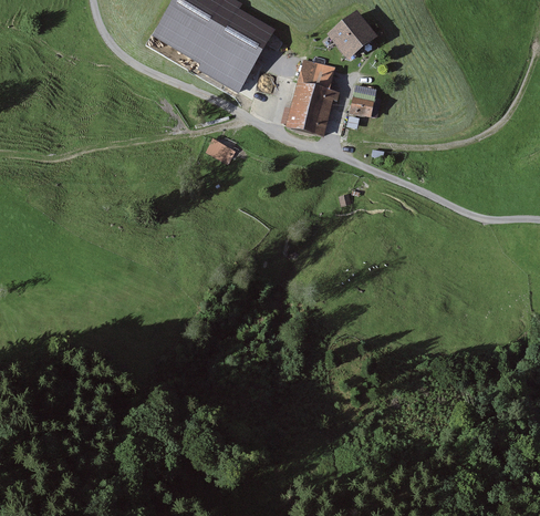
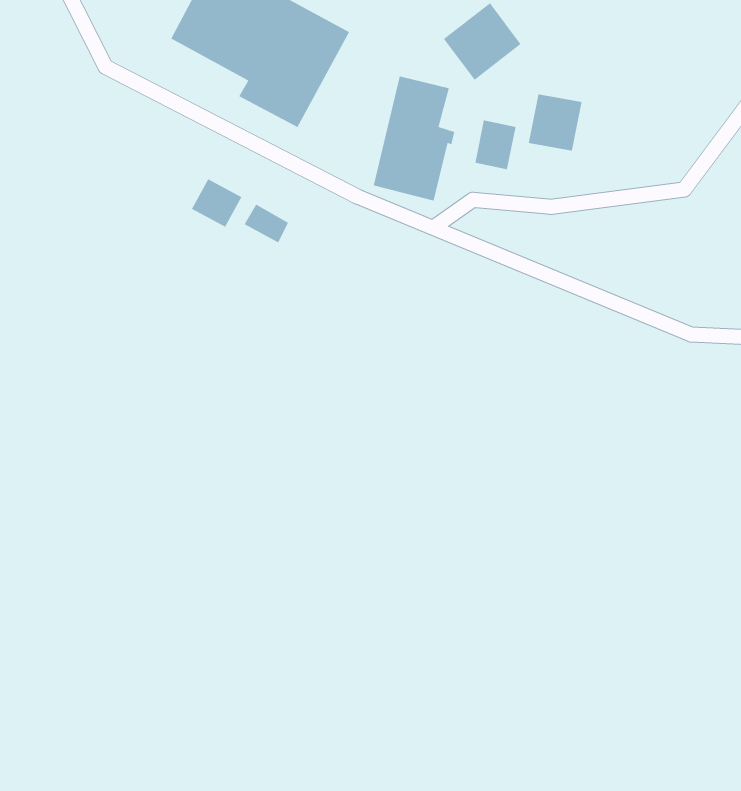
building: none -> [528,93,583,152]
building: none -> [191,178,242,228]

